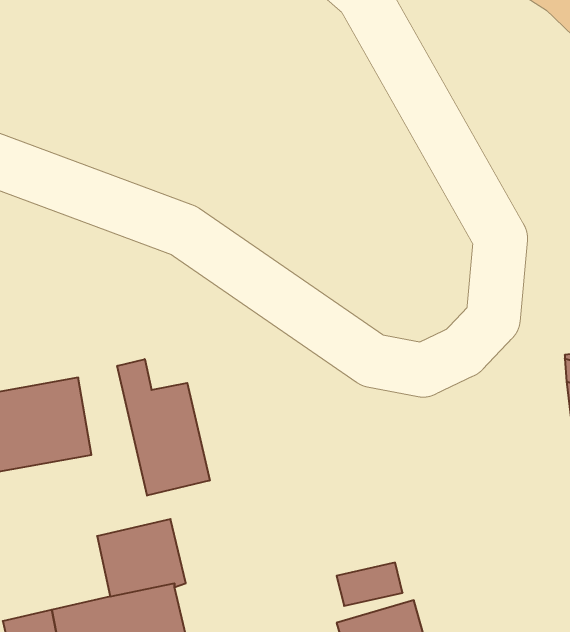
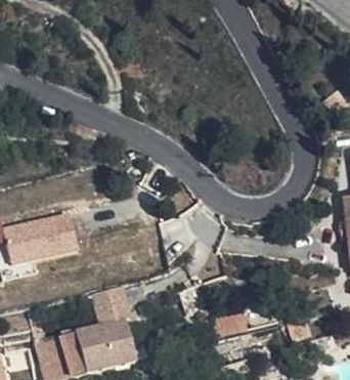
building: [117,359,210,496] -> none

